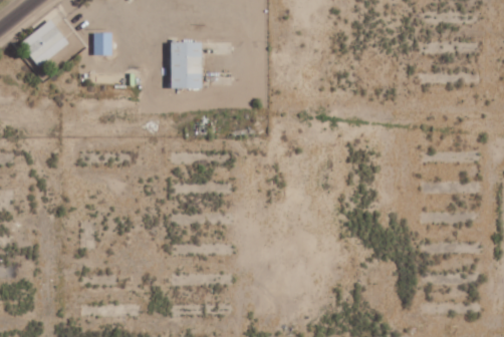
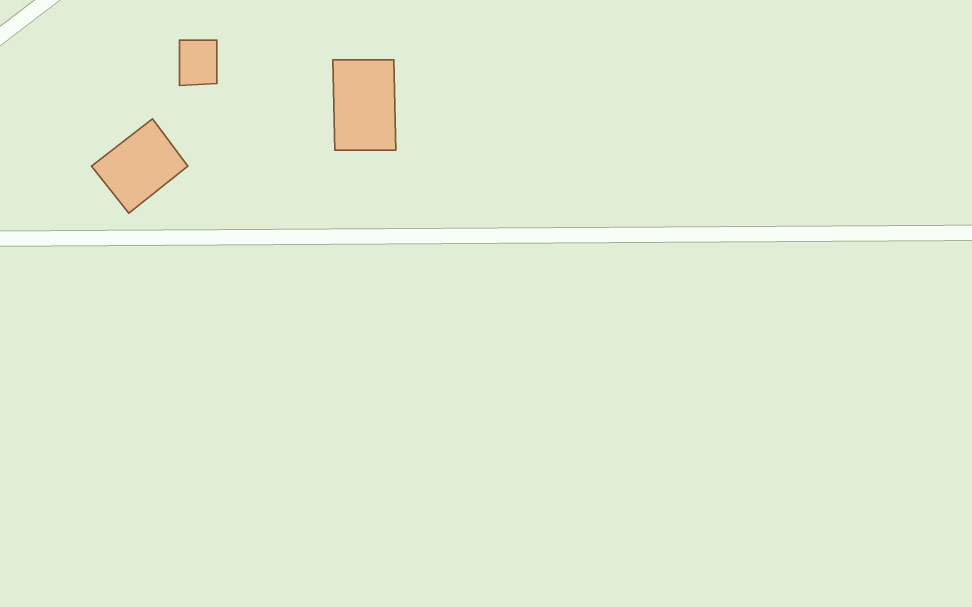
building: [19,19,68,67] -> [91,119,188,213]

